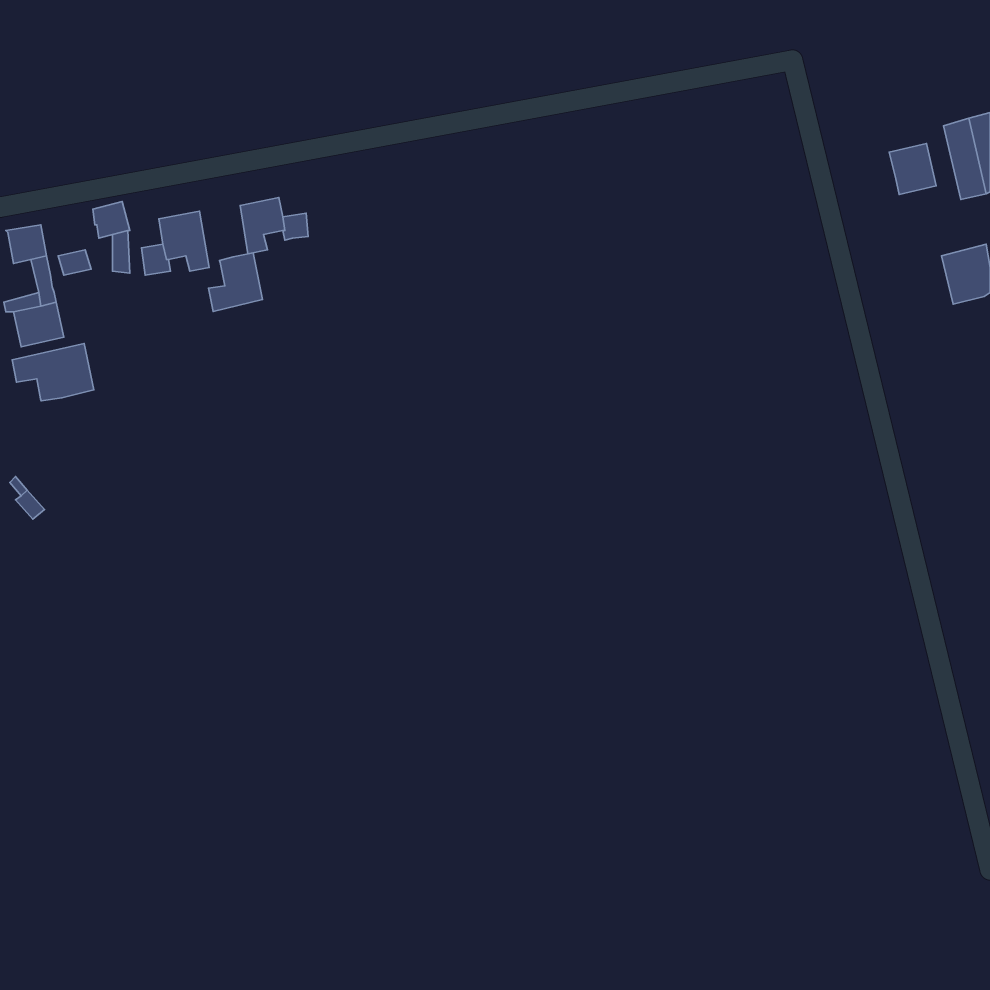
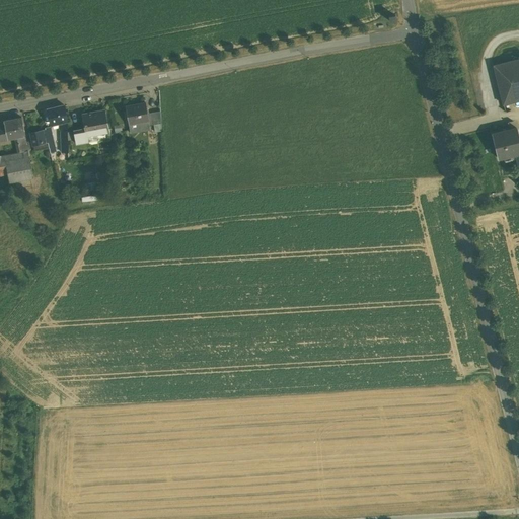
building: [889,143,936,194] -> none
building: [209,253,263,312] -> none
building: [12,344,94,401] -> none

